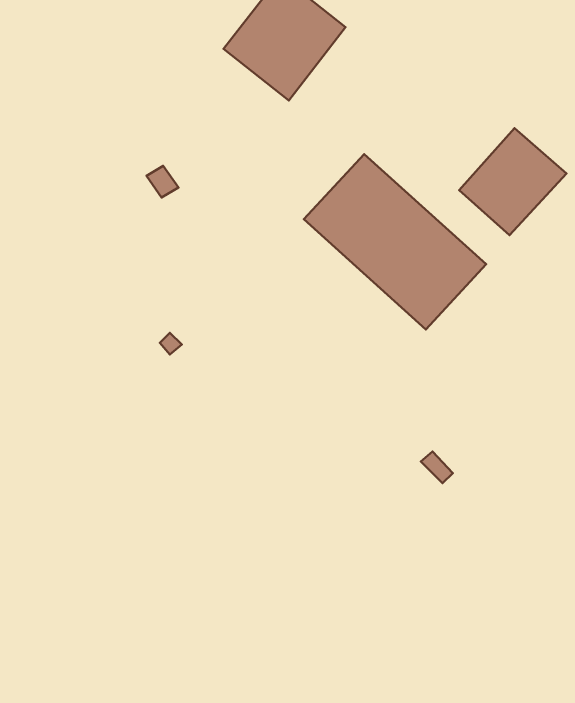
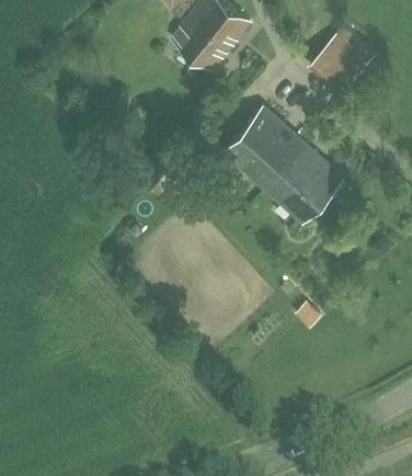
building: [459,128,566,235] -> [307,25,377,95]

